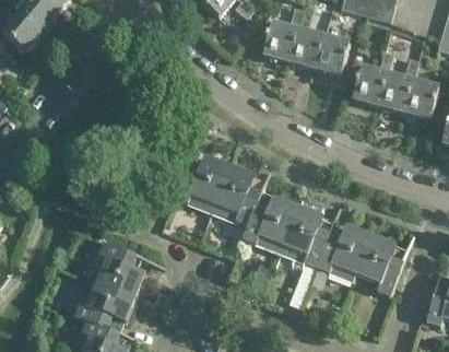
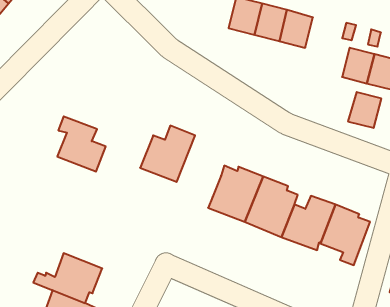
building: [353,68,387,104] -> [348,92,381,128]
building: [212,163,265,225] -> none
building: [97,242,146,297] -> [57,116,106,172]

